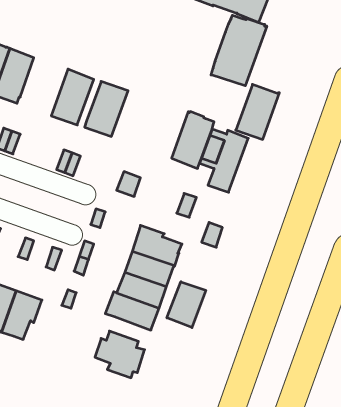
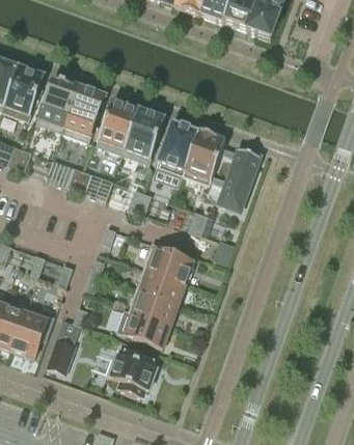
building: [211,15,267,86] -> none
building: none -> [35,76,79,132]
building: [236,84,279,139] -> [156,119,199,174]
building: none -> [122,107,165,163]
building: [167,282,206,328] -> none
building: none -> [46,337,75,372]

